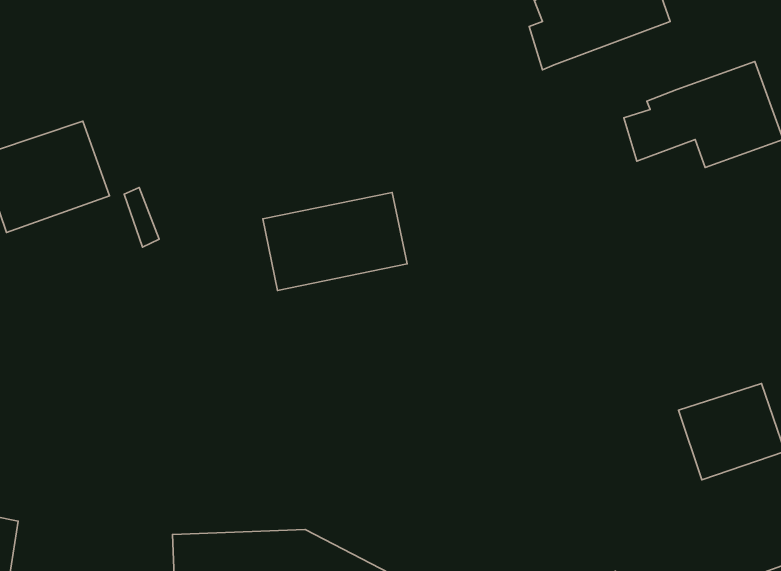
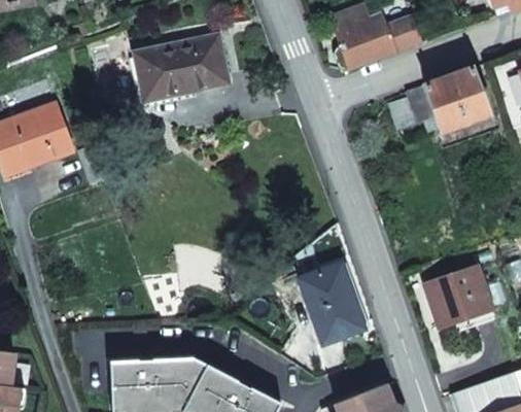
building: [263,192,407,290] -> [137,38,227,99]
building: none -> [299,265,363,344]

